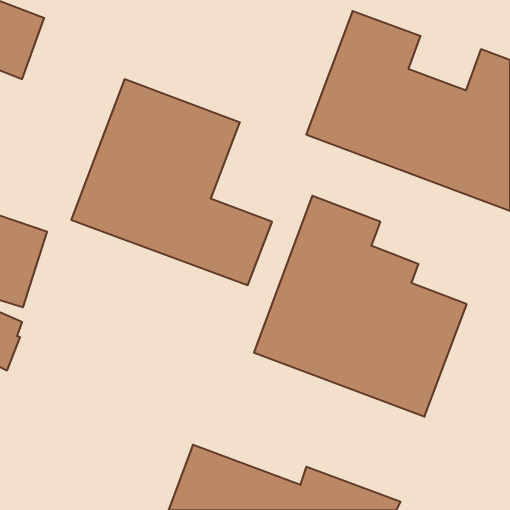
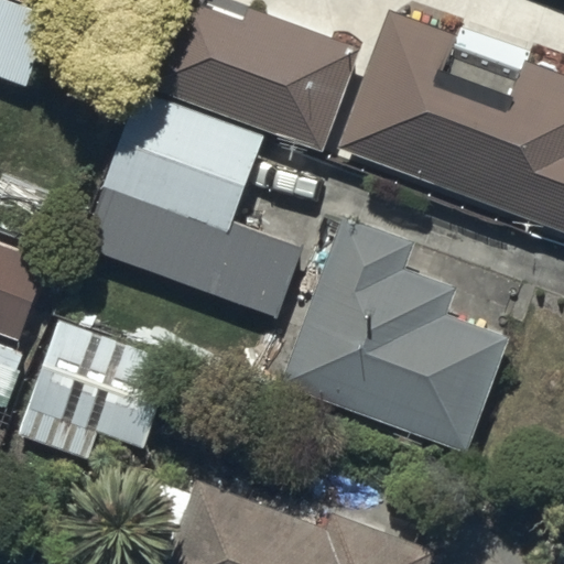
building: none -> [172,8,359,152]
building: none -> [21,321,181,455]

